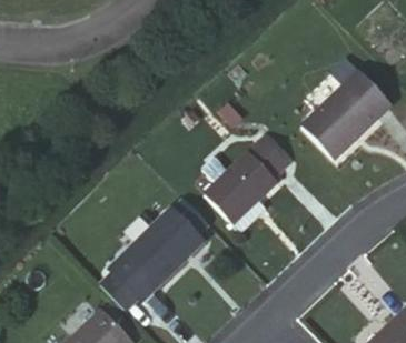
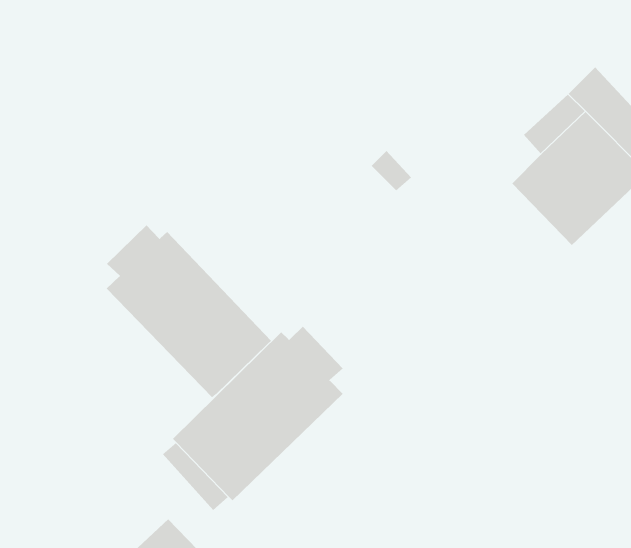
building: [208,135,295,231] -> none
building: none -> [106,224,272,398]

